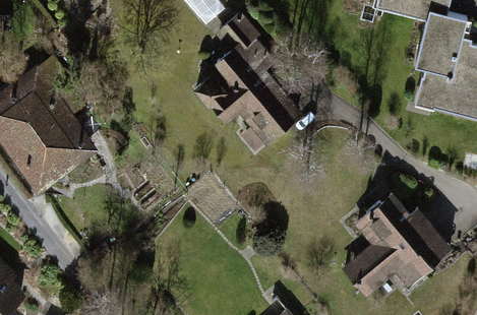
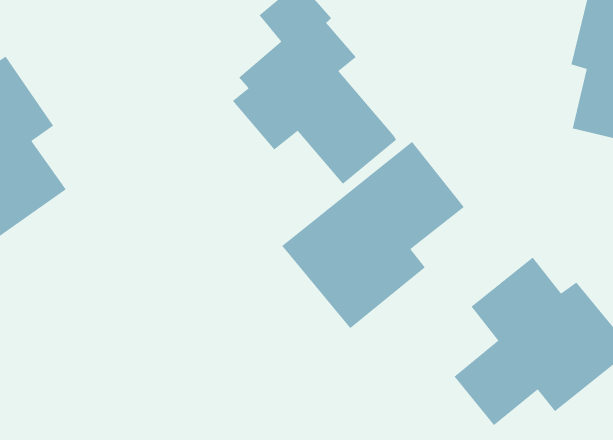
building: none -> [281,141,465,329]

